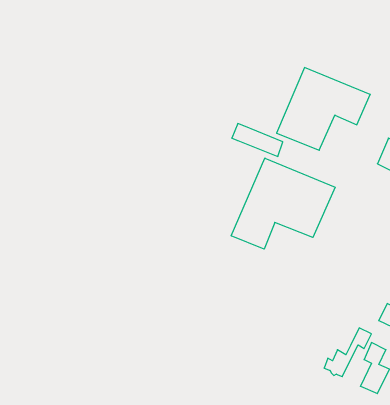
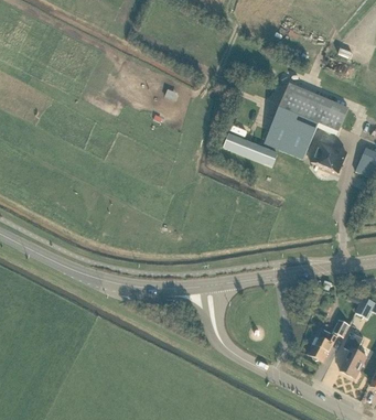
building: none -> [311,141,346,172]
building: [231,158,335,249] -> none

